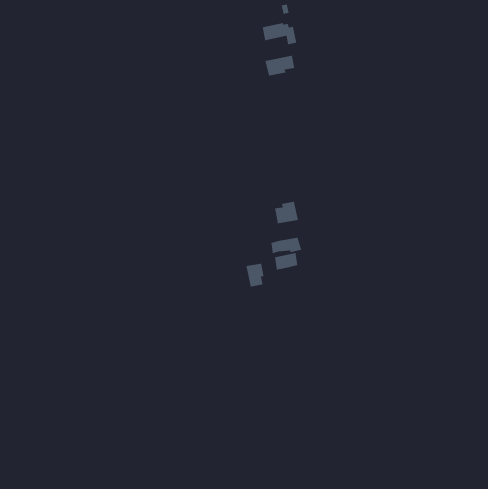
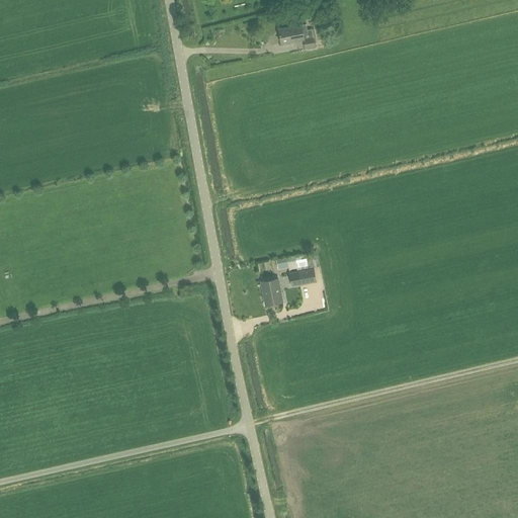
building: [265,55,295,77] -> none
building: [274,201,299,224] -> none

